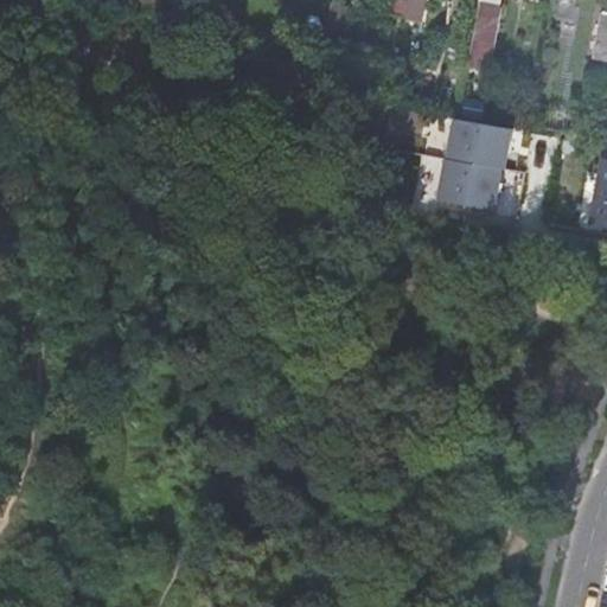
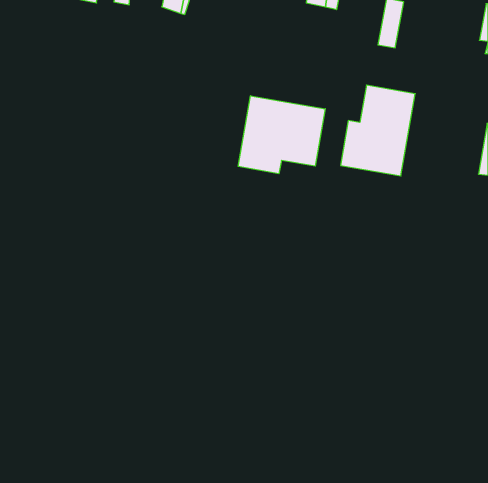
building: none -> [238,96,325,174]

